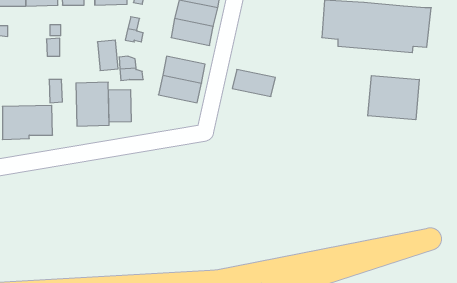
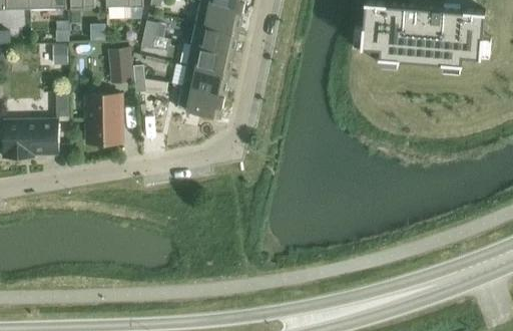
building: [232,70,275,96] -> [186,44,234,74]
building: [368,76,419,120] -> none
building: [108,90,131,122] -> none

